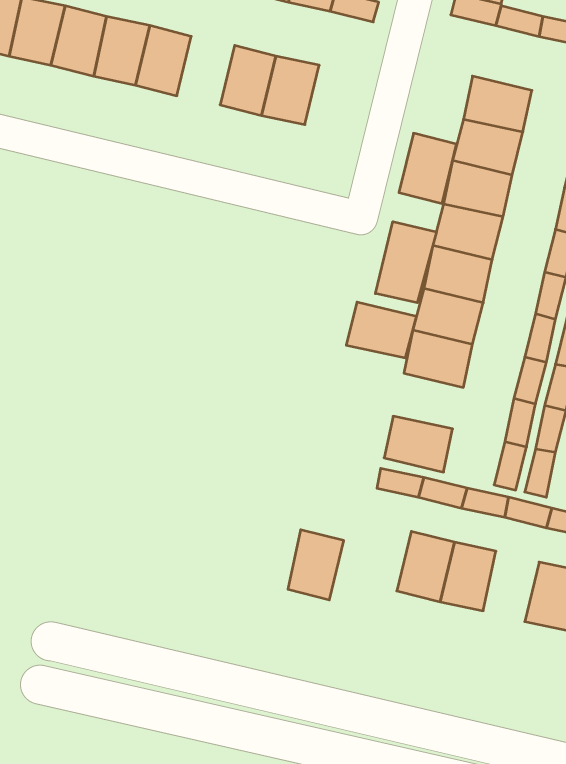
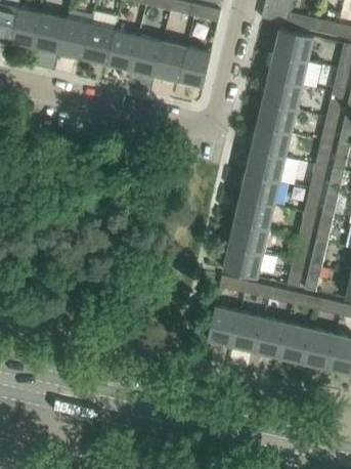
building: none -> [273,29,313,61]
building: none -> [105,31,138,70]
building: [399,133,457,203] -> [178,47,211,87]
building: [375,222,436,303] -> none
building: [346,302,416,358] -> [228,222,268,254]
building: [288,530,344,600] -> [207,306,238,346]
building: none -> [279,324,311,364]

